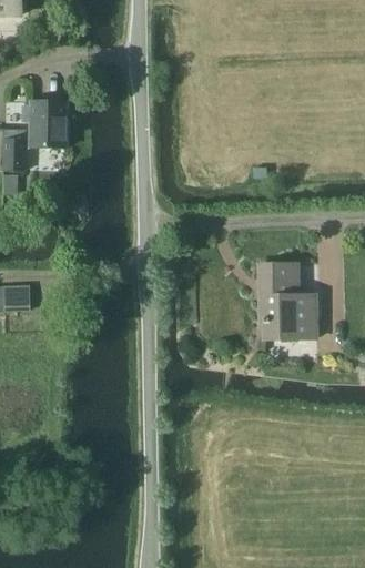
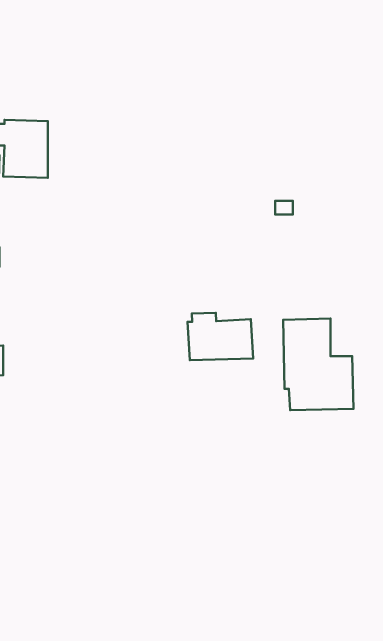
building: none -> [188,313,253,360]

